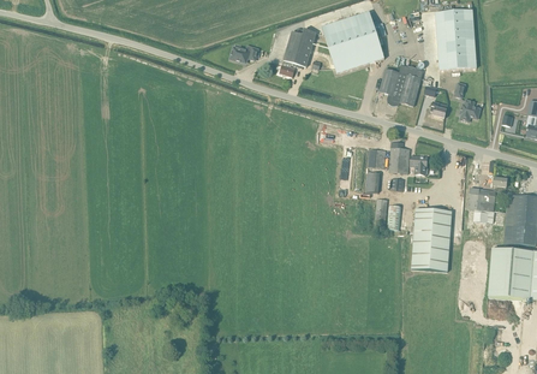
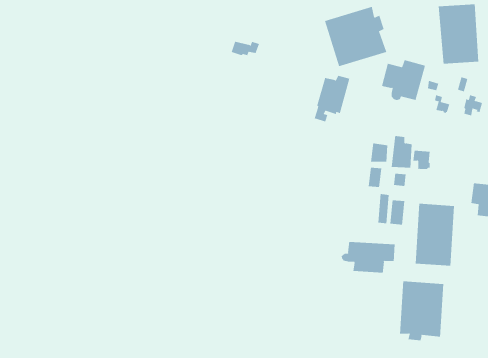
building: [280,29,316,76] -> [314,75,350,122]
building: none -> [341,241,395,273]
building: none -> [400,280,444,341]

